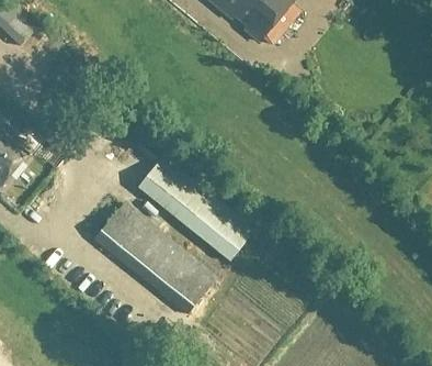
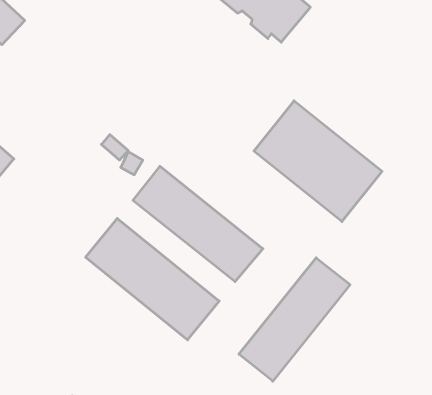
building: none -> [254,101,382,222]
building: none -> [239,258,350,381]

